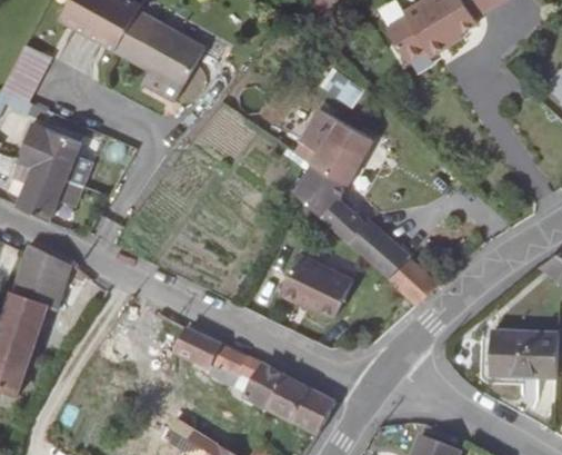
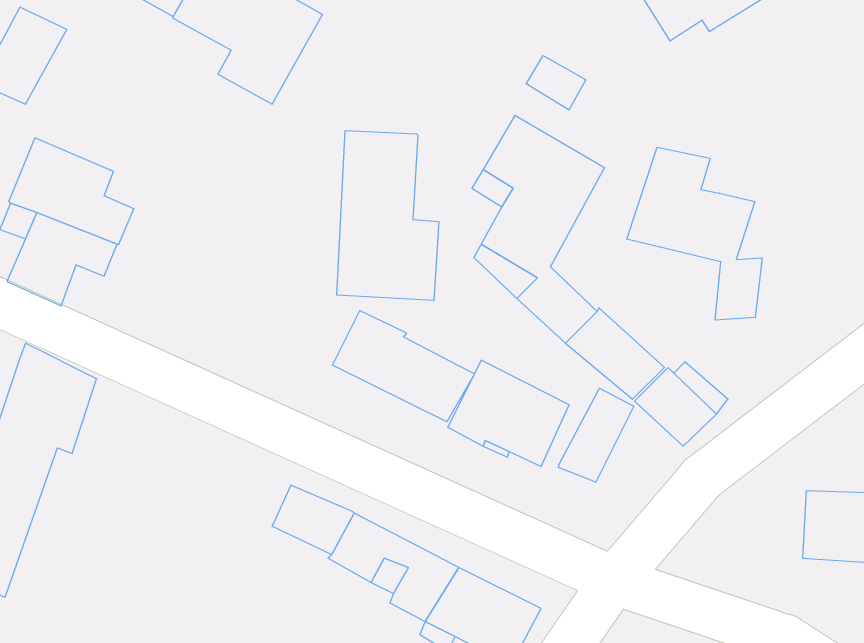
building: none -> [337,131,439,301]
building: none -> [627,147,762,320]
building: none -> [332,310,474,422]
building: none -> [558,388,634,482]

